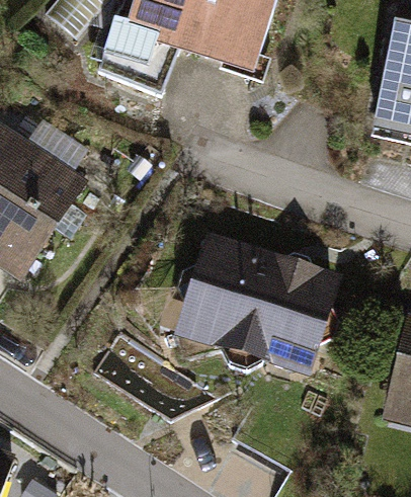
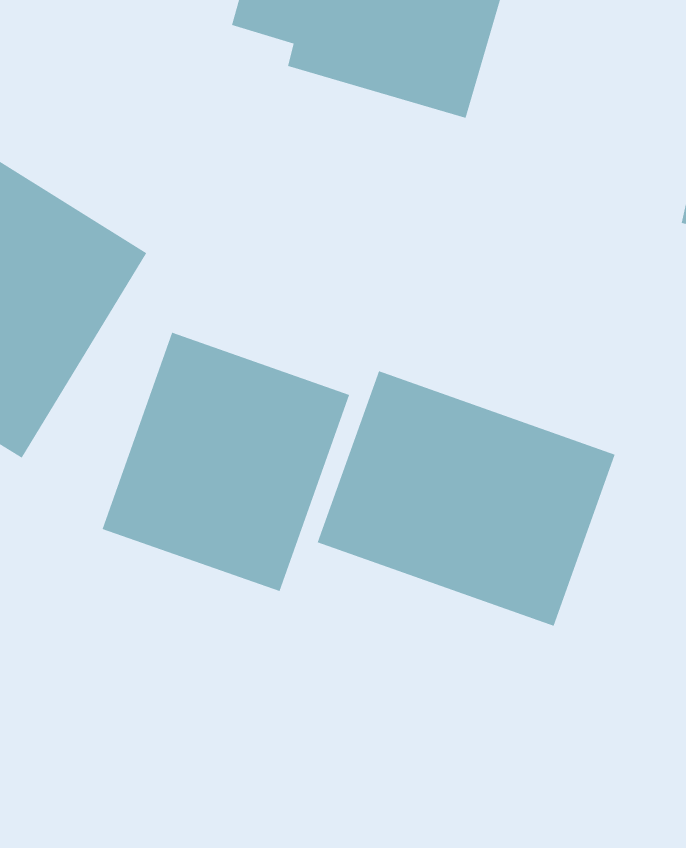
building: none -> [102,332,350,592]

